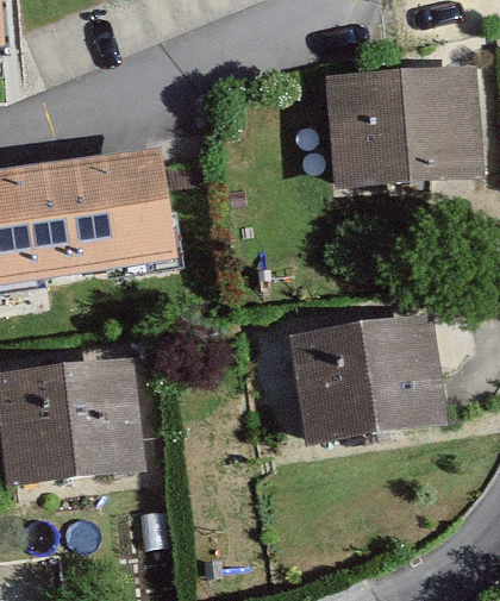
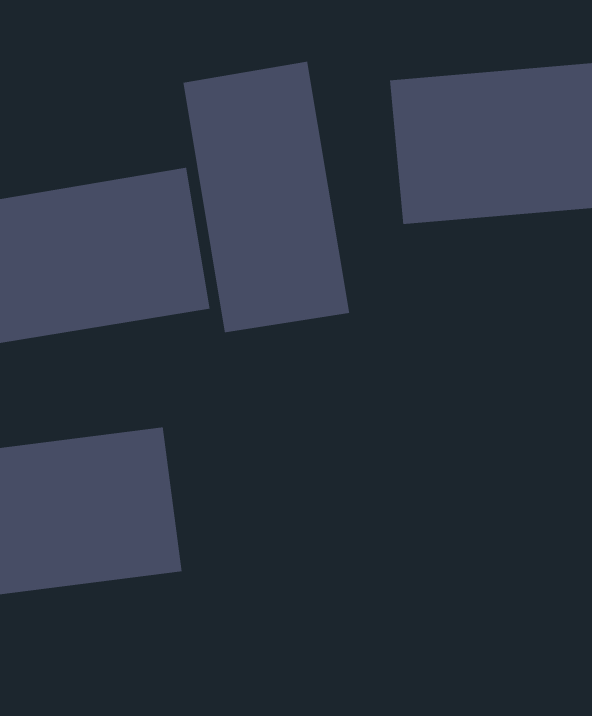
building: none -> [183,61,350,333]
building: [286,311,448,447] -> none

